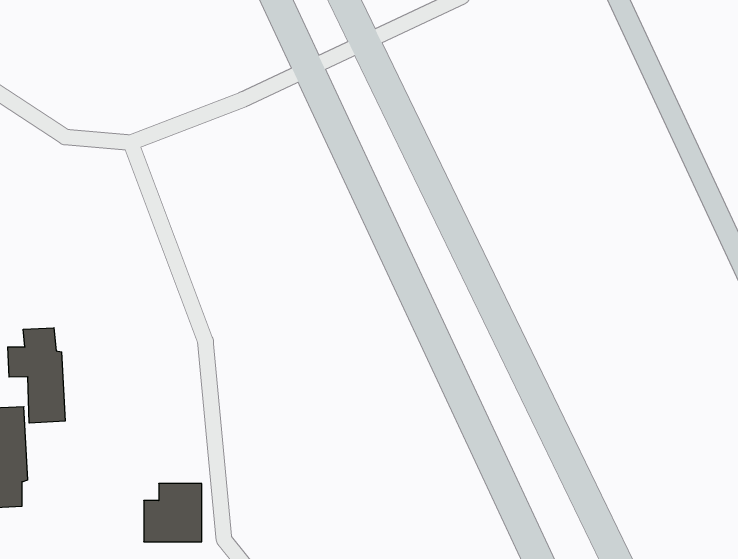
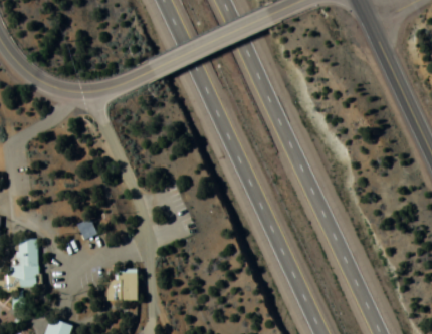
building: [8,328,65,423] -> none

